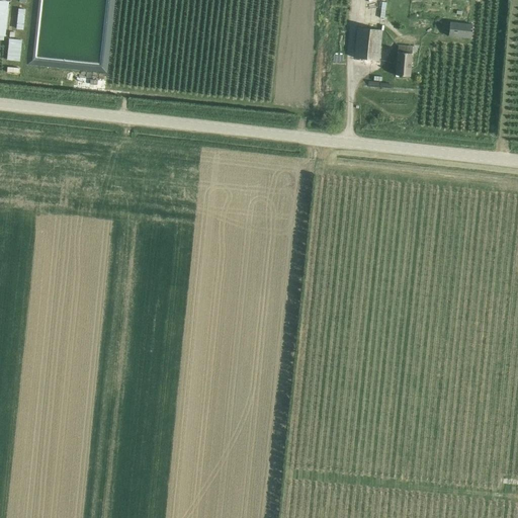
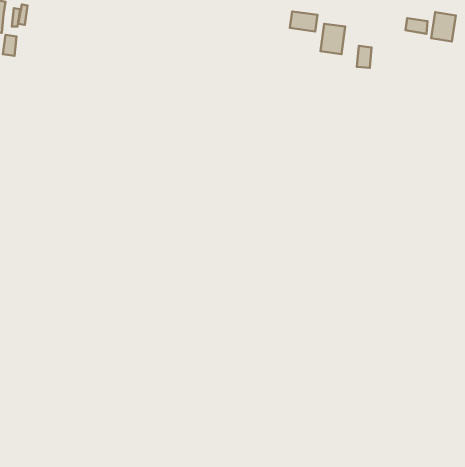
building: none -> [290,11,317,31]
building: none -> [431,12,456,42]

